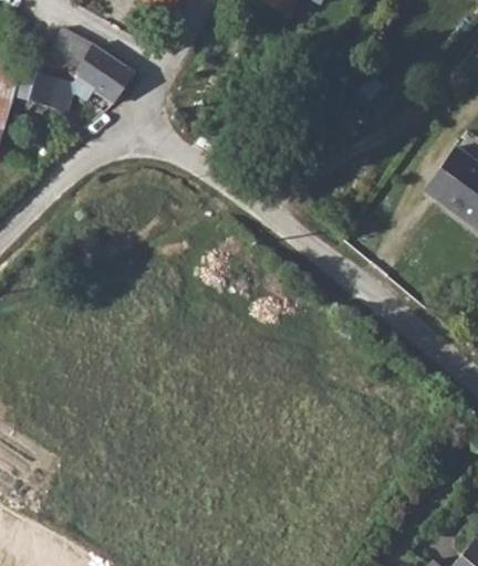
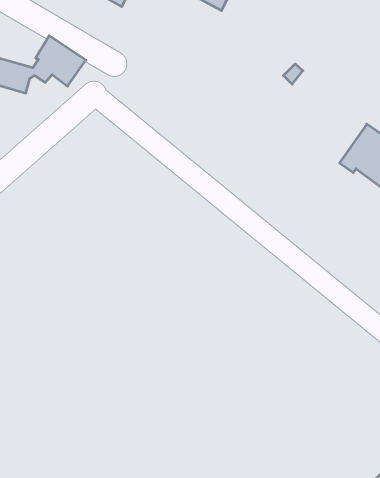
building: [44,27,94,81] -> none

